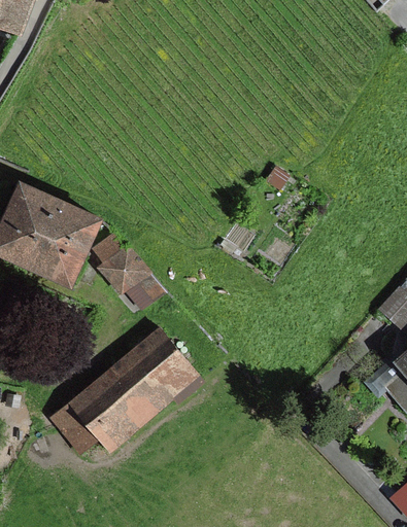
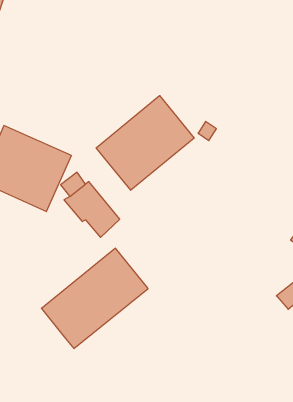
building: none -> [96,96,194,190]
building: [49,399,100,453] -> none

